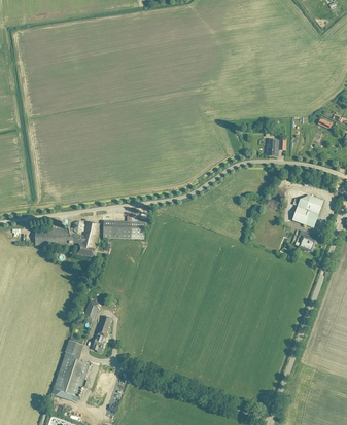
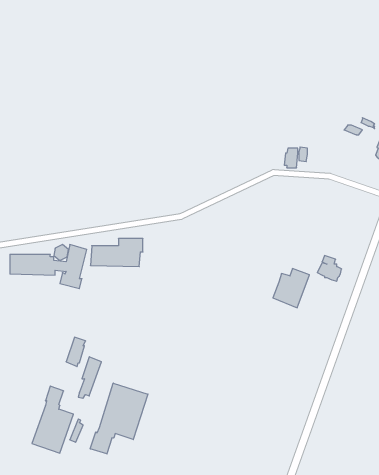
building: [291,194,322,227] -> [273,269,309,308]
building: none -> [90,383,148,454]

